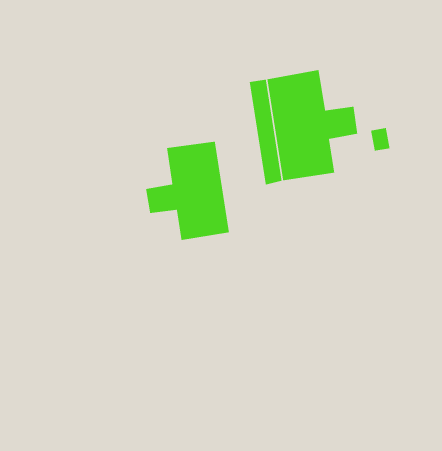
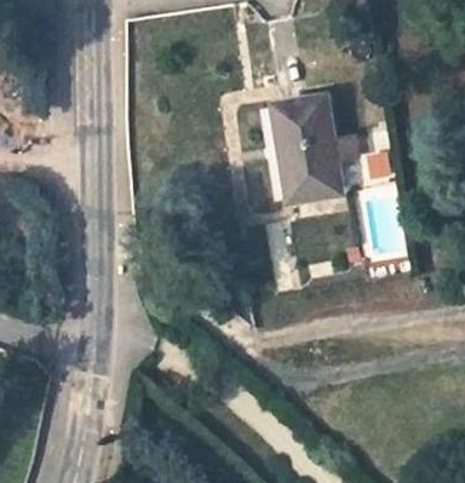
building: [145,141,230,241] -> none

